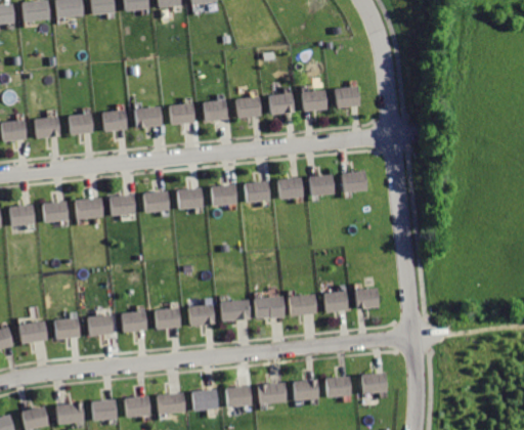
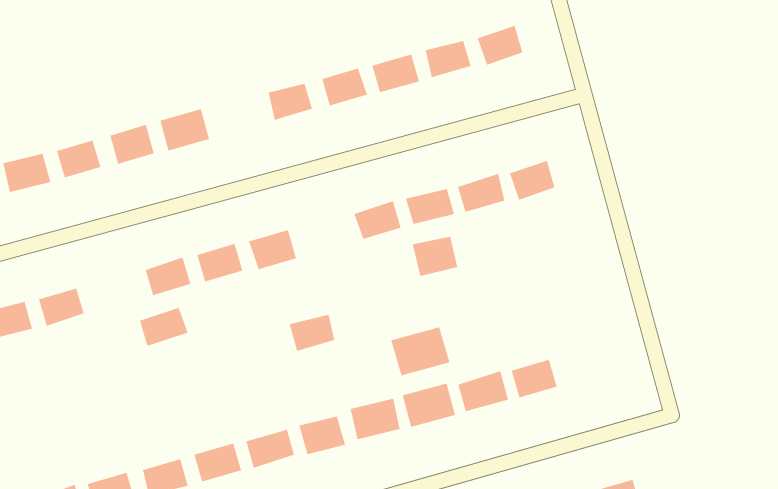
building: [168,103,194,125] -> none
building: [210,185,236,205] -> [289,314,335,352]
building: [75,198,103,218] -> [139,307,188,346]
building: none -> [412,236,458,277]
building: none -> [391,327,450,376]
building: [353,289,379,308] -> none

